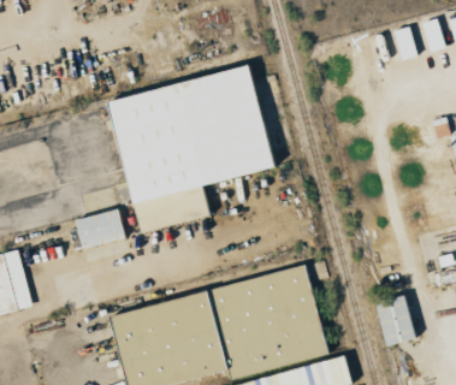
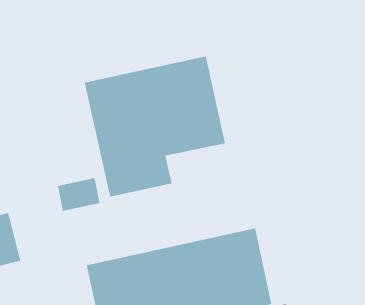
building: [374,295,415,345] -> none

